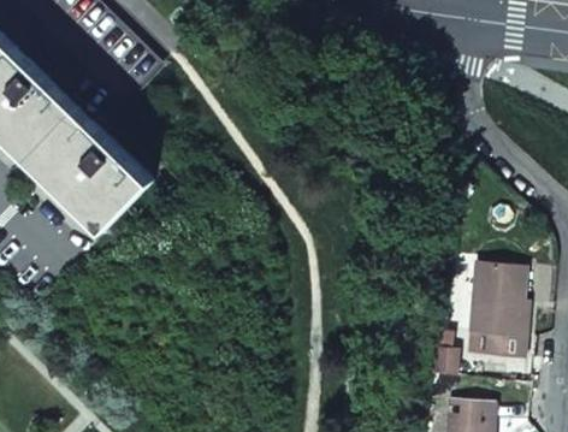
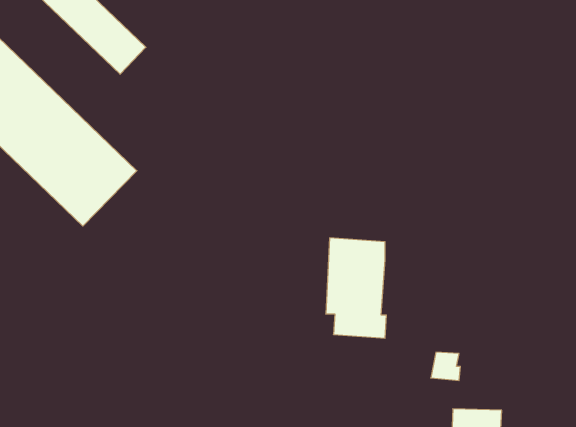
building: [469,265,526,359] -> [326,238,386,338]

